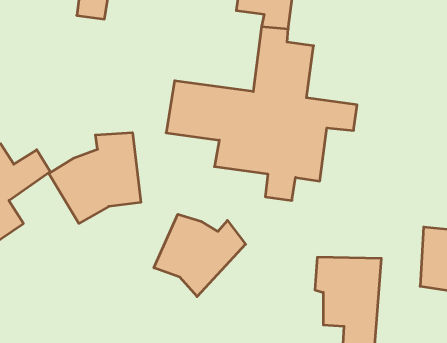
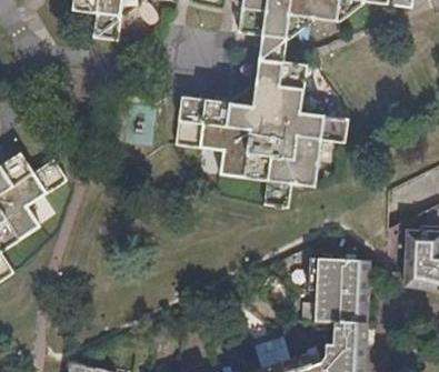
building: [49,133,141,223] -> none
building: [154,214,246,297] -> none

